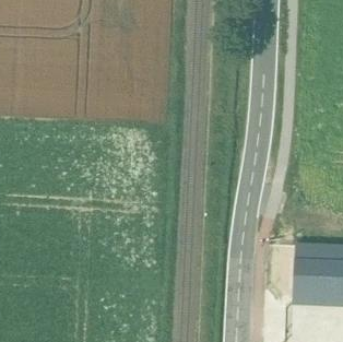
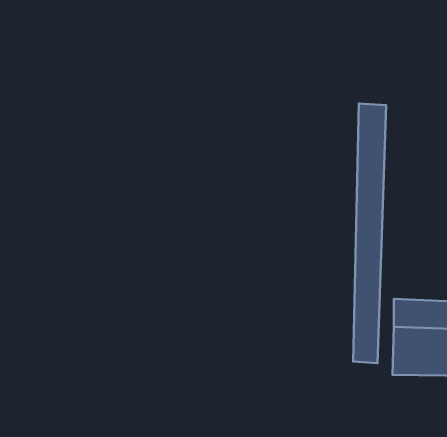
building: none -> [353,104,386,363]

